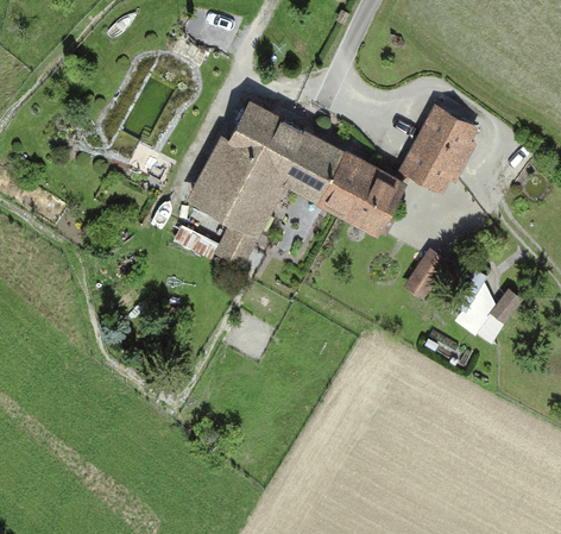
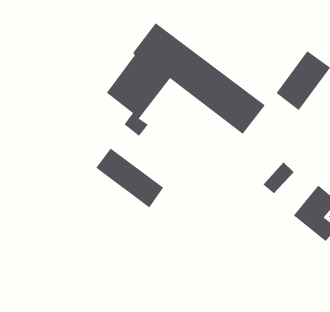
building: none -> [95,147,164,209]

